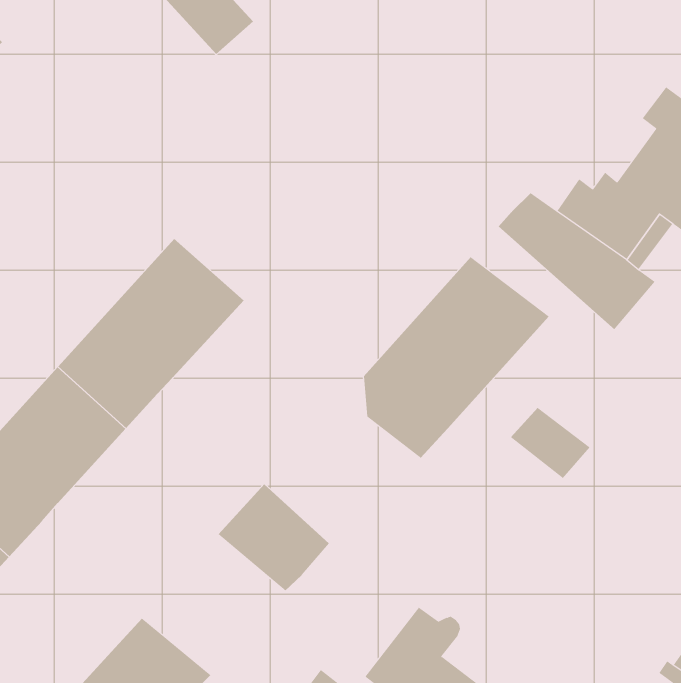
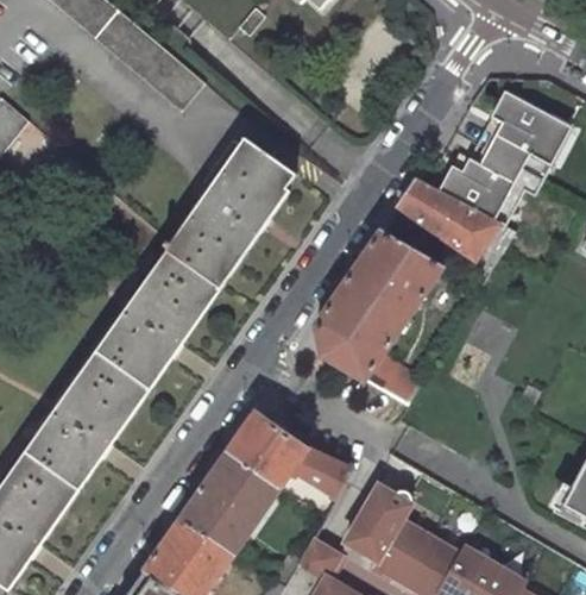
building: none -> [168,137,298,282]
building: [510,407,591,479] -> [364,355,422,403]
building: none -> [179,451,279,552]
building: none -> [290,447,352,500]

